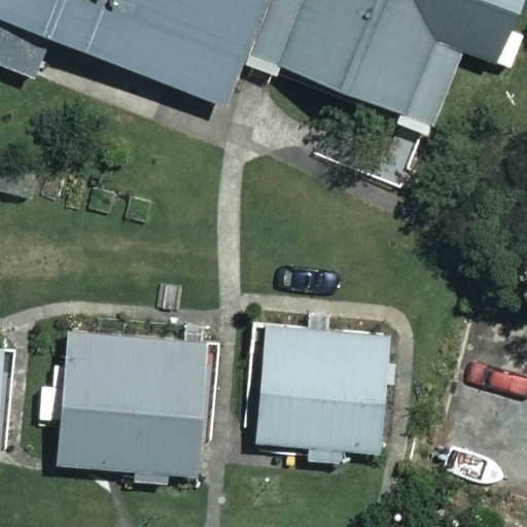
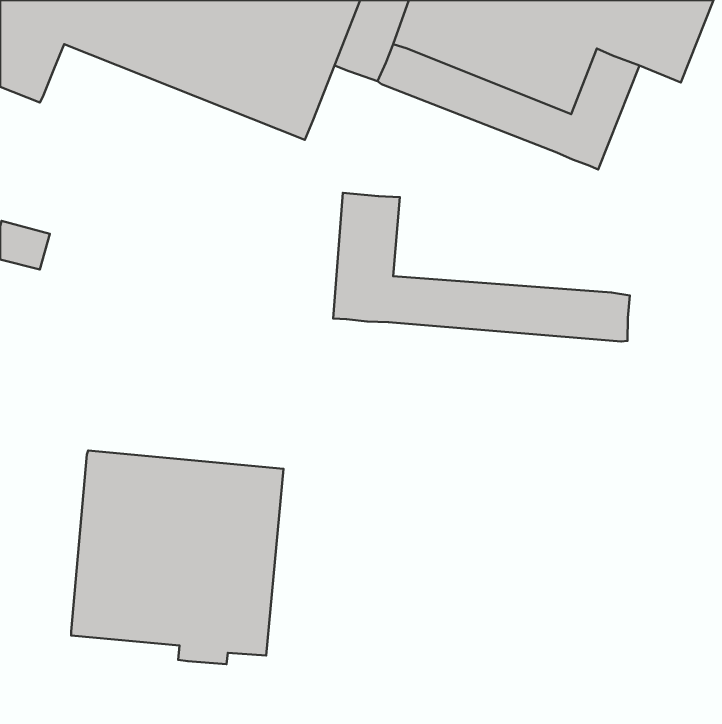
building: none -> [333,193,630,341]
building: [255,324,390,463] -> none

